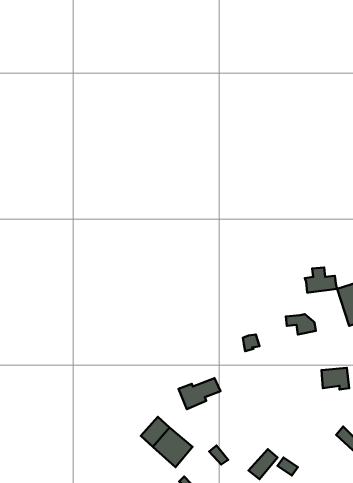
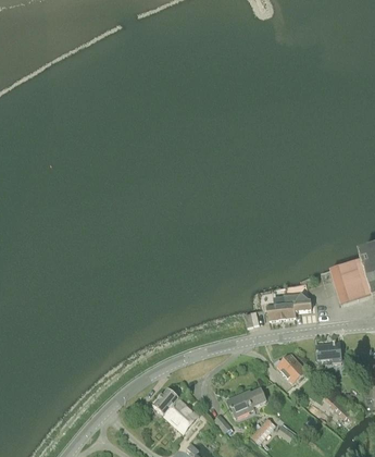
building: [305,267,337,293] -> [265,296,295,319]
building: [179,378,220,409] -> [227,388,265,417]
building: none -> [273,353,305,383]

